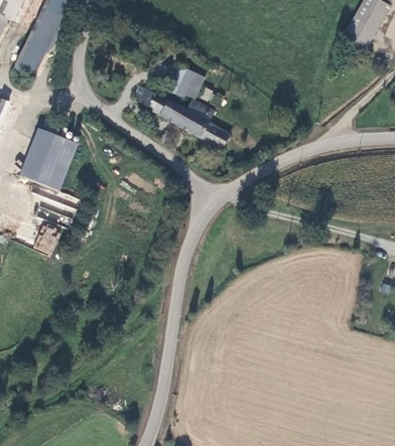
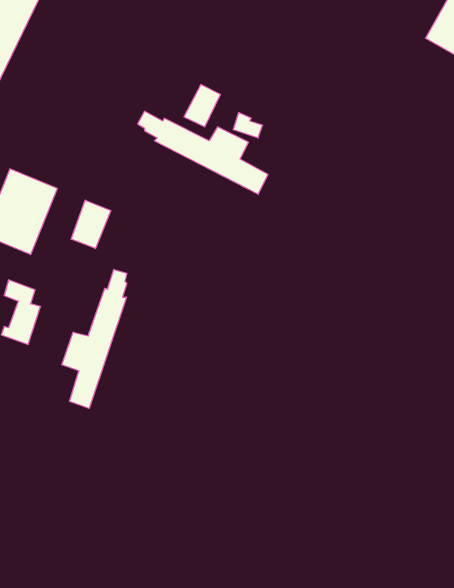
building: none -> [71,200,111,249]
building: none -> [62,269,127,408]

